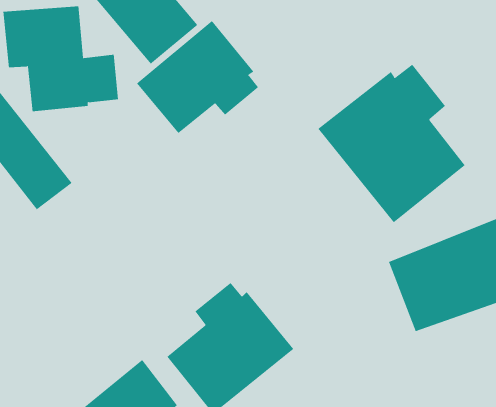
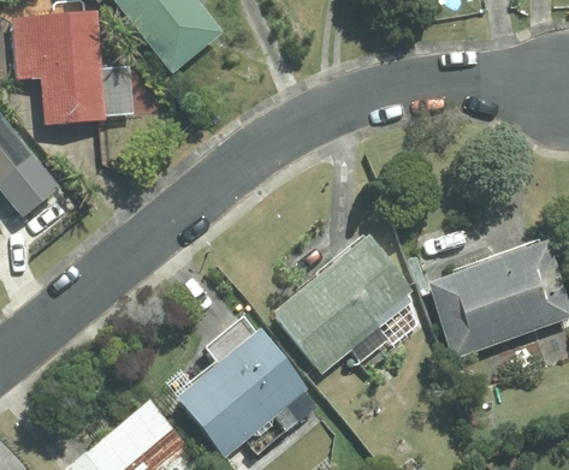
building: [136,20,259,134] -> none
building: [318,64,466,223] -> none
building: none -> [283,237,414,363]

